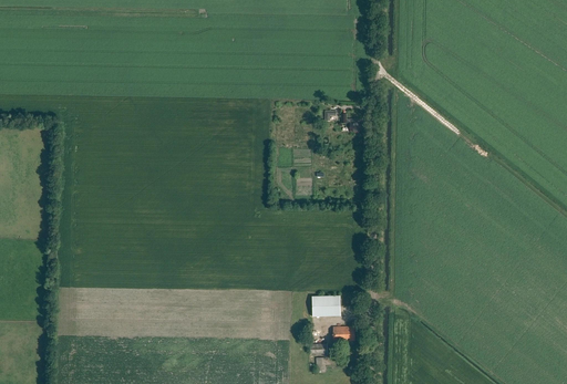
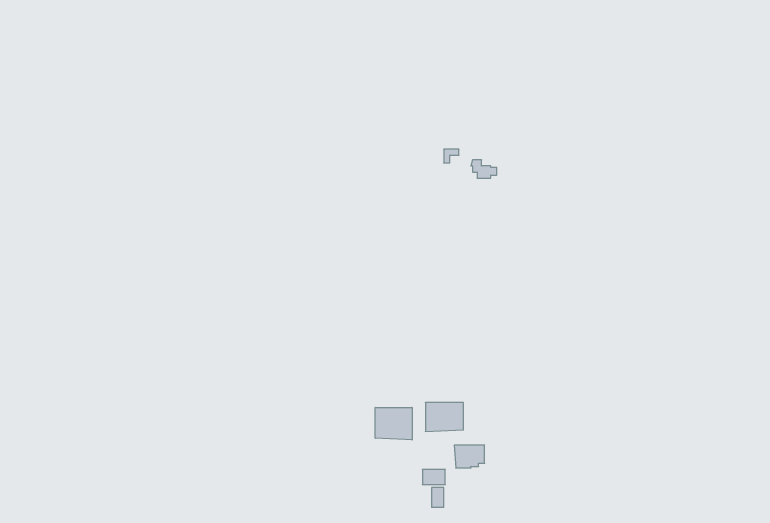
building: none -> [375,407,412,440]

